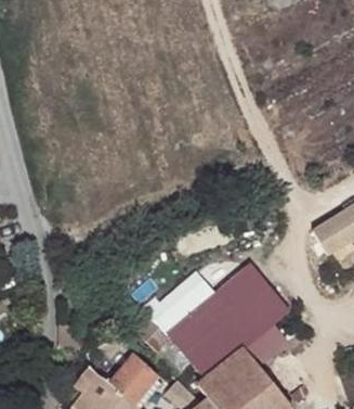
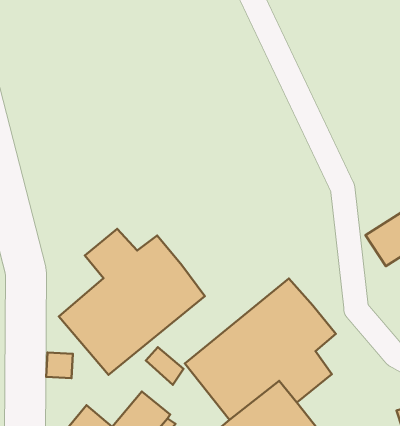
building: none -> [59,229,205,375]

